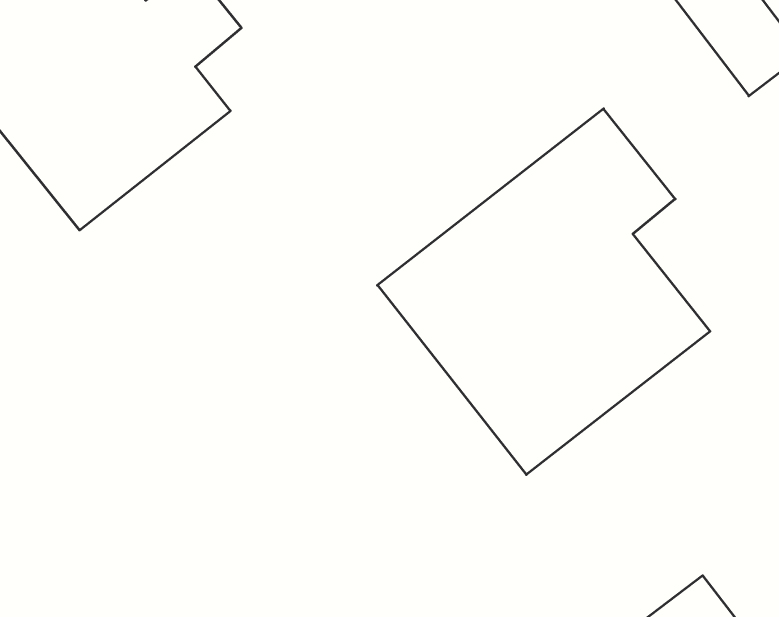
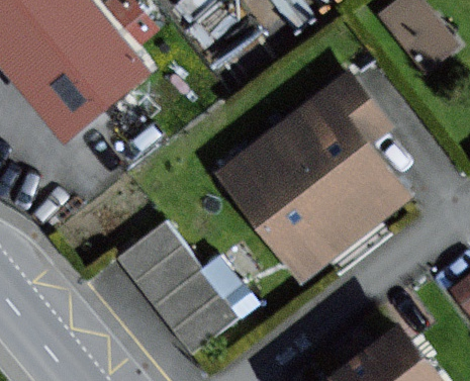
building: none -> [121,212,244,339]

